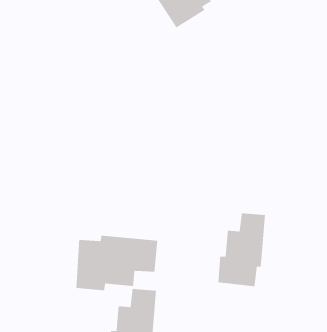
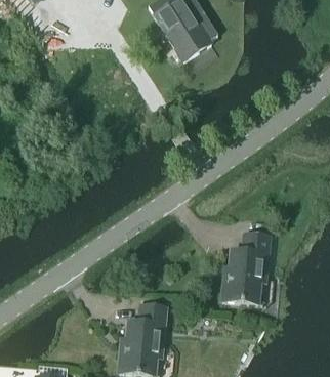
building: [76,235,158,291] -> none

